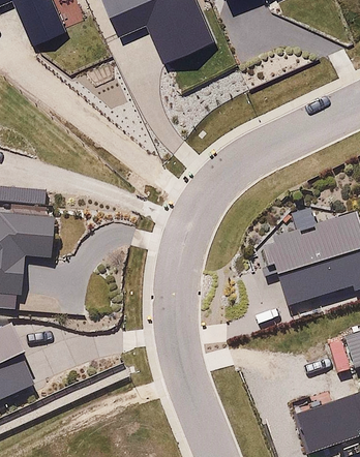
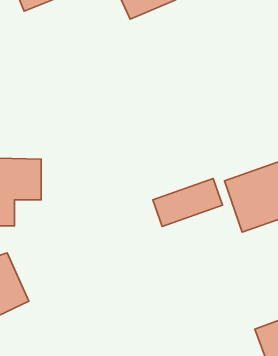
building: none -> [153,179,222,226]

